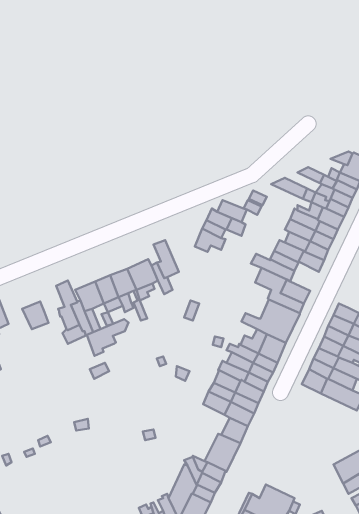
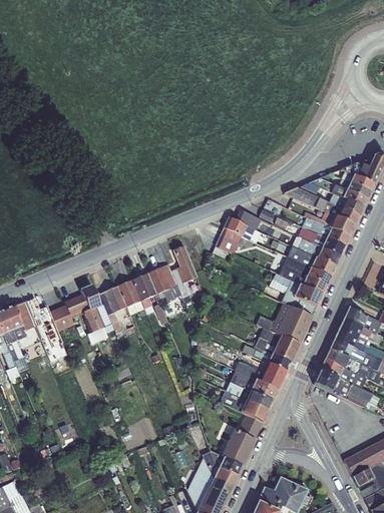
building: none -> [303,267,330,295]
building: none -> [62,290,89,315]
building: [87,319,128,356] -> none

